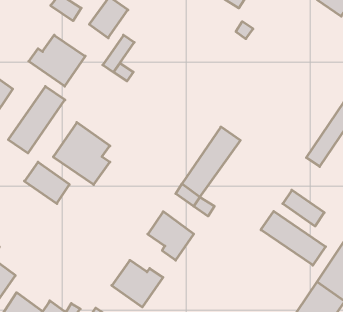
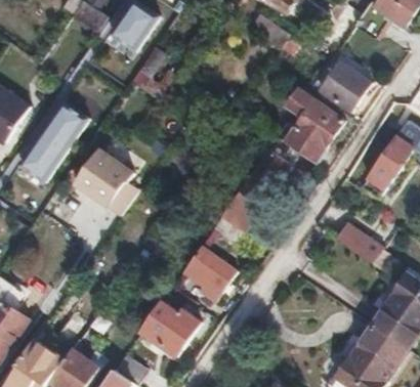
building: [29,35,85,86] -> none
building: none -> [321,62,370,111]
building: none -> [276,90,342,163]
building: [261,211,326,265] -> none

